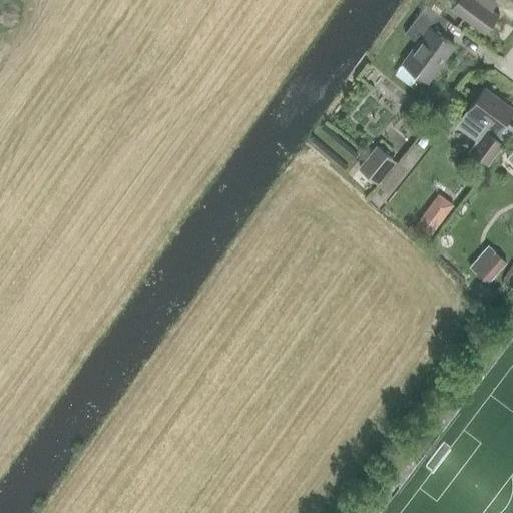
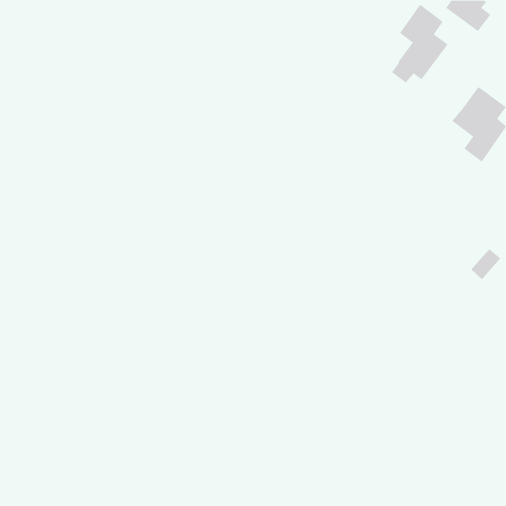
building: [358,145,396,184] -> none
building: [416,197,453,236] -> none

